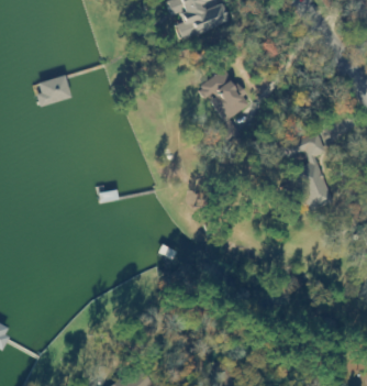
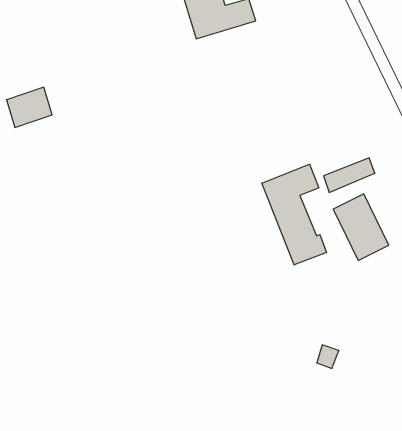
building: [198,67,251,122] -> none
building: none -> [262,164,327,265]

